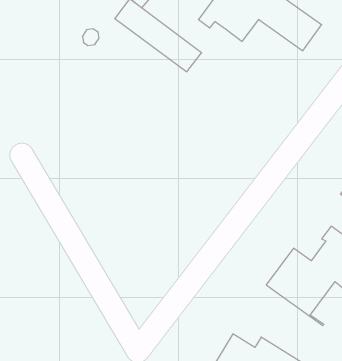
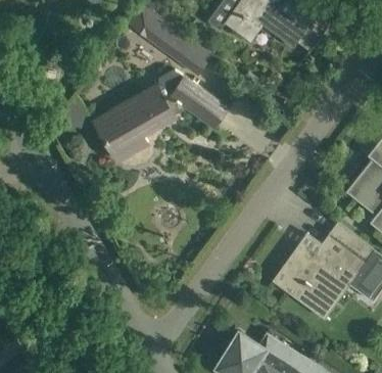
building: none -> [94,72,227,161]

